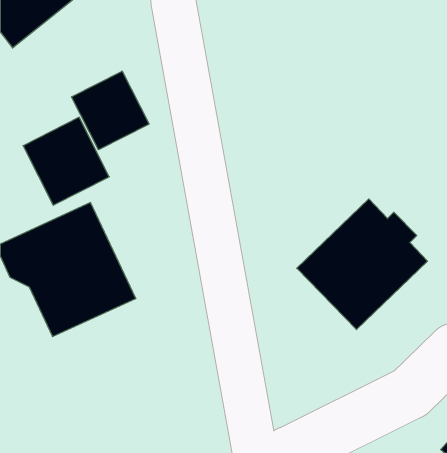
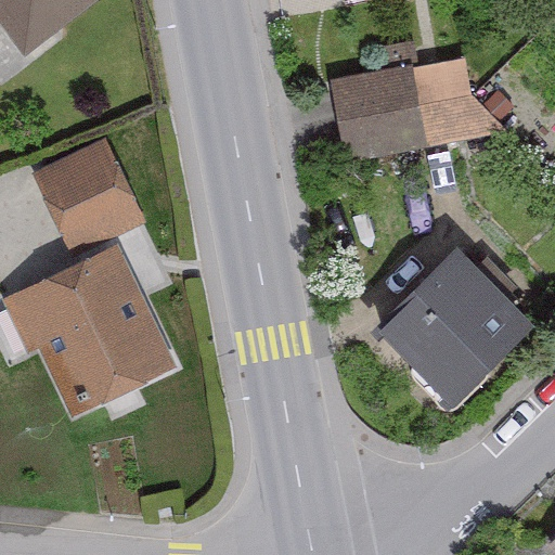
building: none -> [330,59,481,164]
building: [72,71,149,150] -> none

